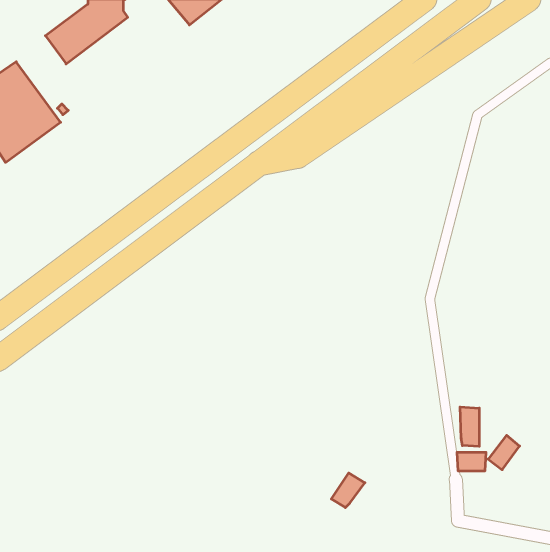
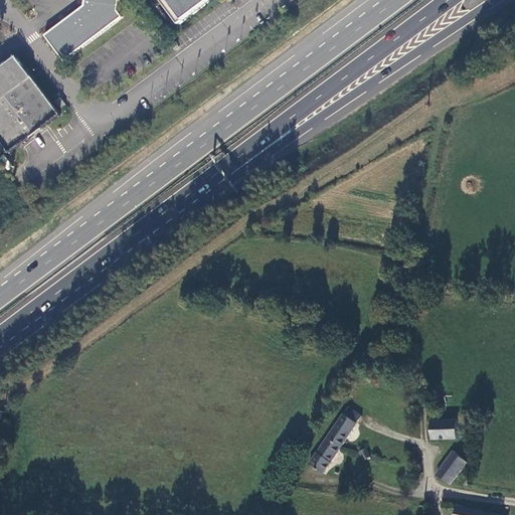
building: [460,407,479,446] -> none
building: [488,435,520,470] -> [431,452,460,484]
building: none -> [324,407,358,449]

